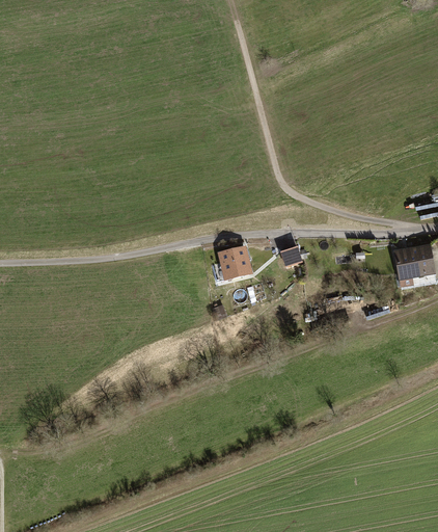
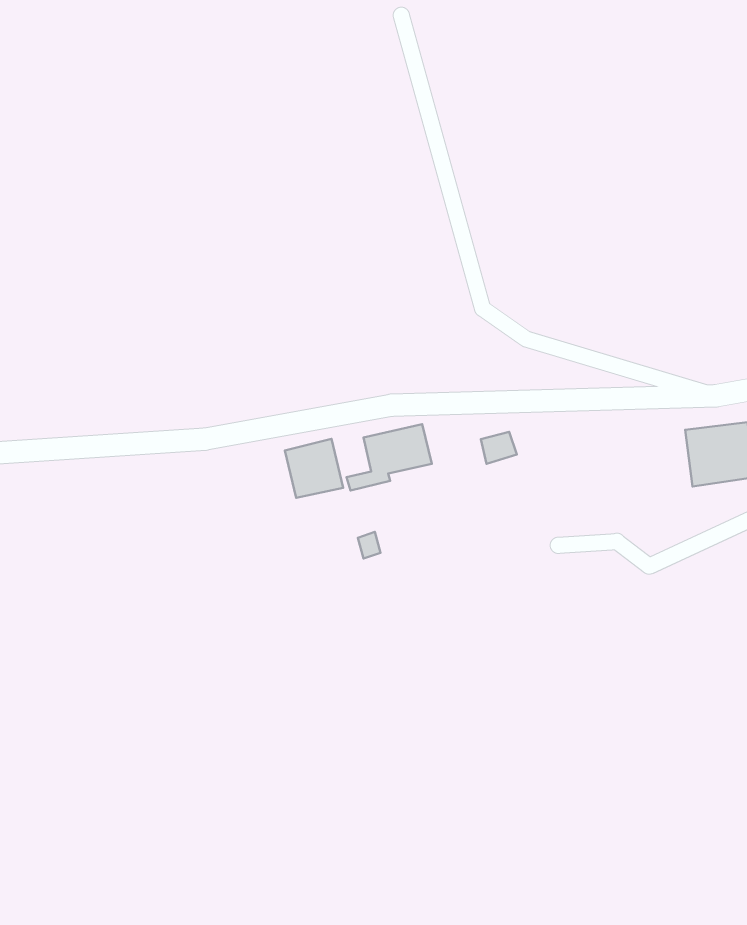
building: none -> [285,439,343,498]

